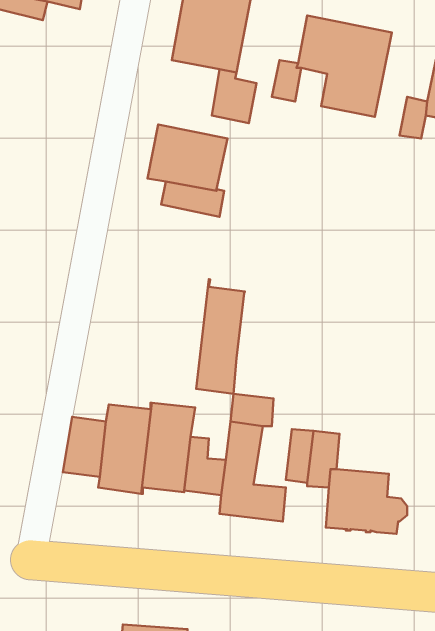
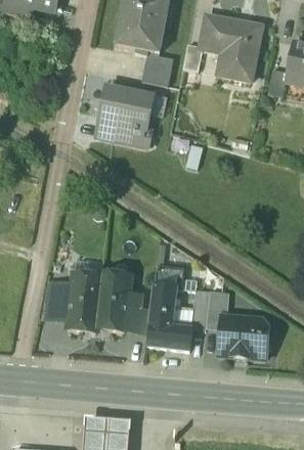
building: [196,279,245,394] -> none

